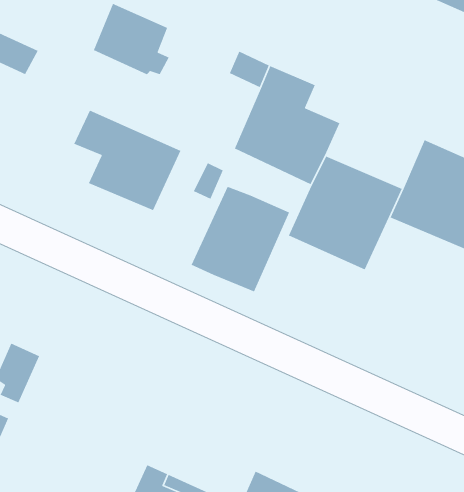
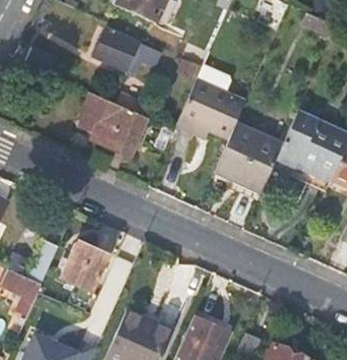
building: [191,186,290,293] -> none
building: none -> [60,240,111,294]

